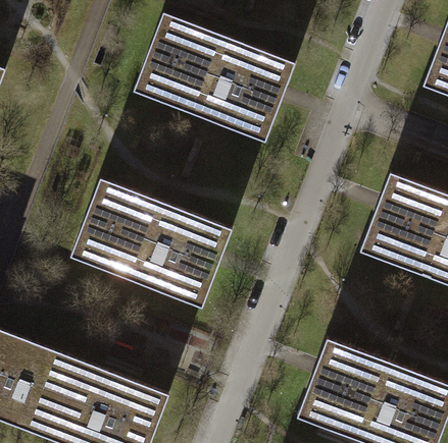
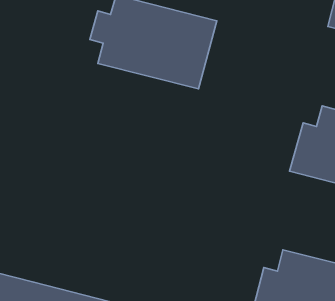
building: [80,183,233,308] -> none

